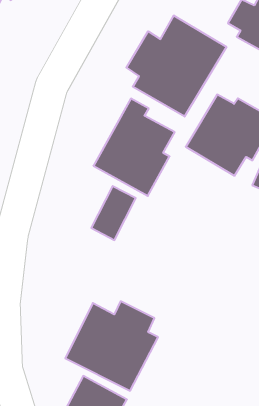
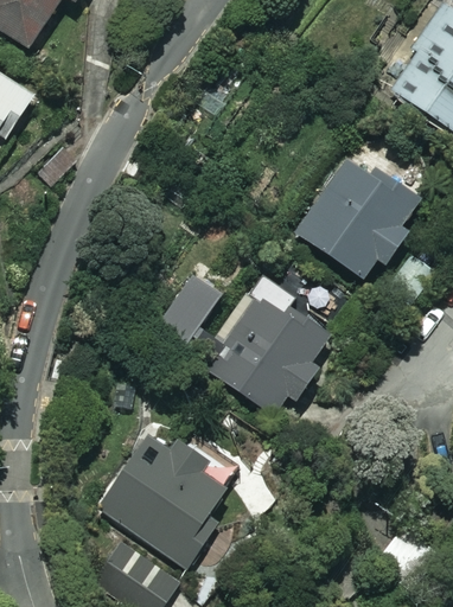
building: [126,15,226,117] -> none
building: [93,99,175,196] -> [209,281,327,420]

